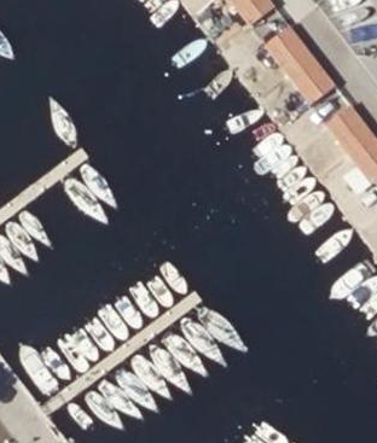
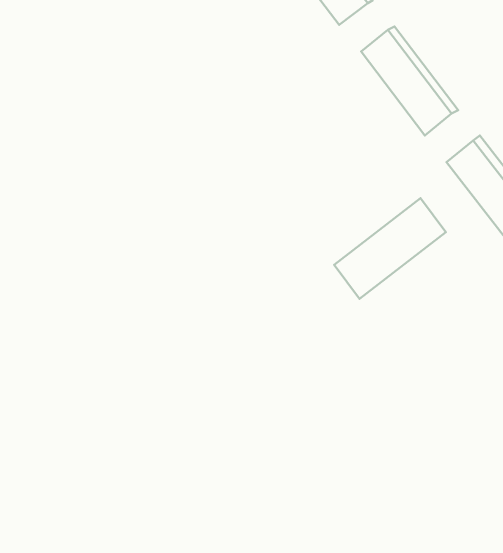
building: none -> [334,198,446,299]

